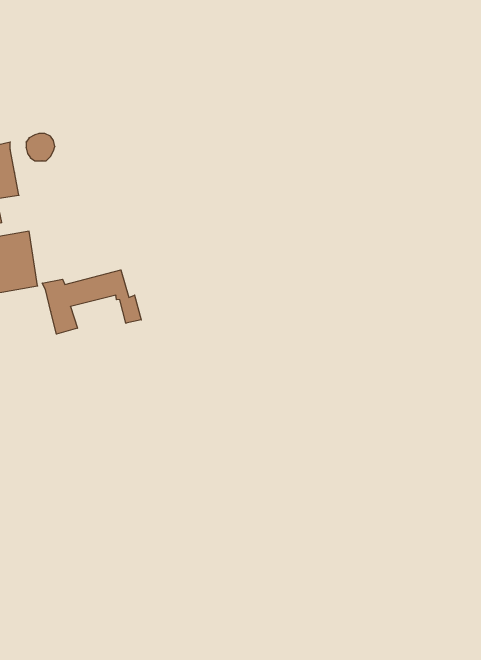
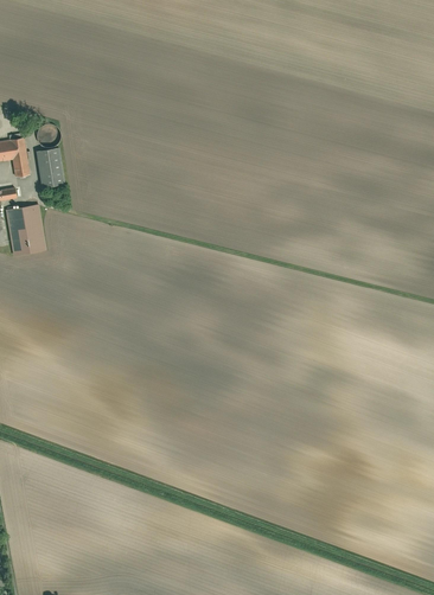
building: none -> [36,146,65,186]
building: [42,270,141,334] -> none

